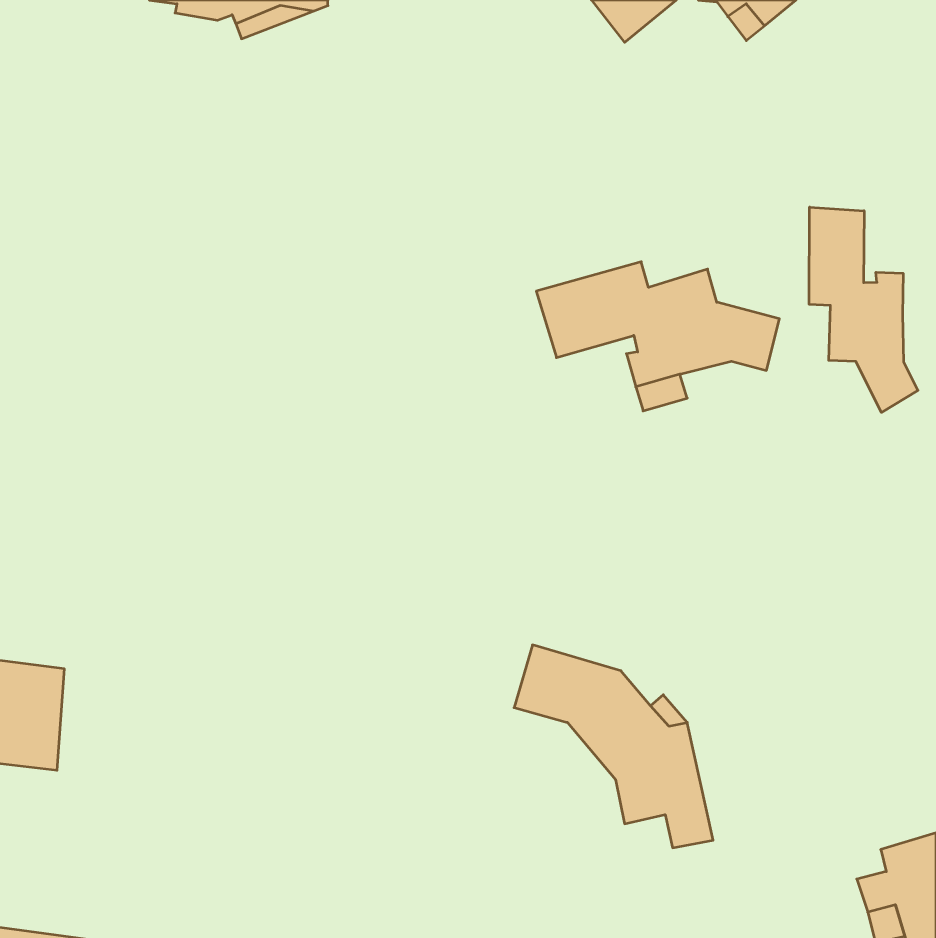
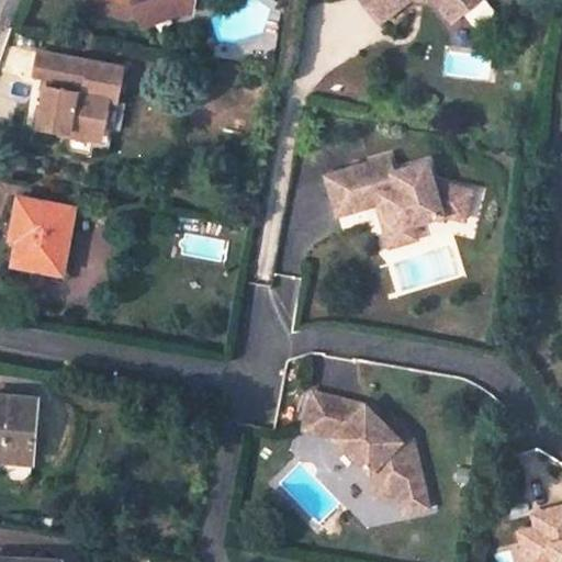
building: none -> [34,55,127,159]
building: [809,207,918,412] -> none
building: none -> [13,199,72,285]

